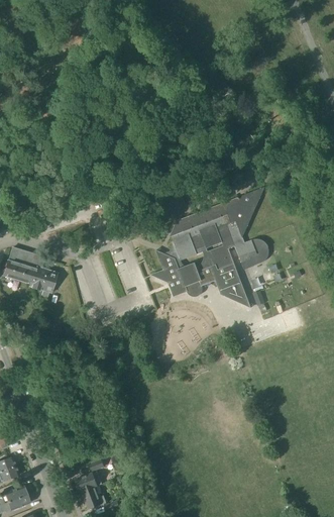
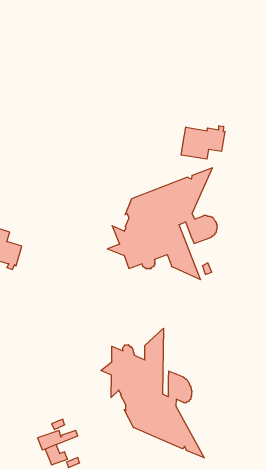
building: none -> [181,126,225,159]
building: none -> [101,328,204,458]

